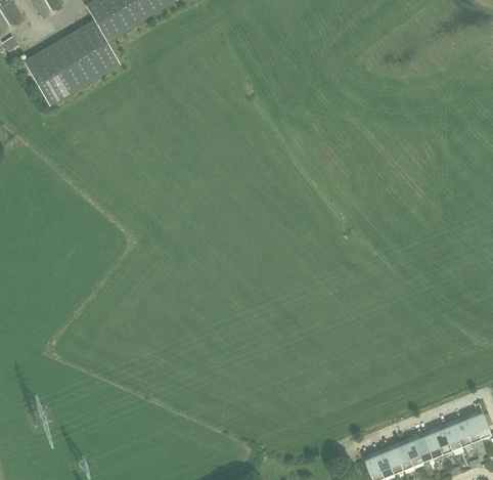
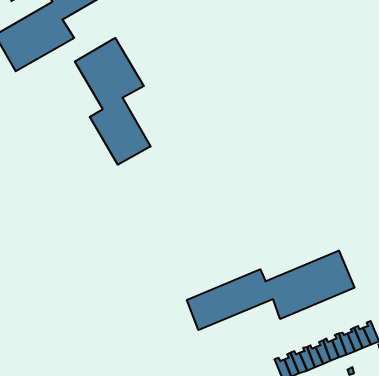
building: none -> [75,38,151,165]
building: none -> [187,251,354,330]

